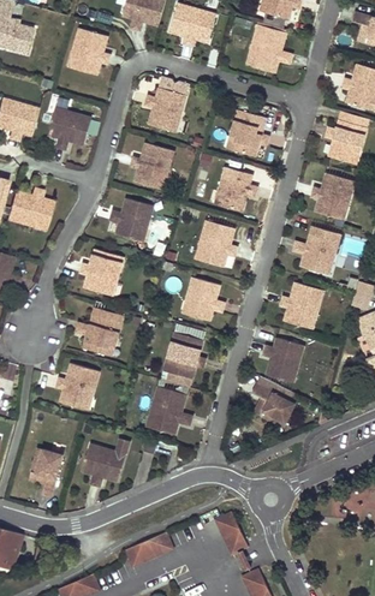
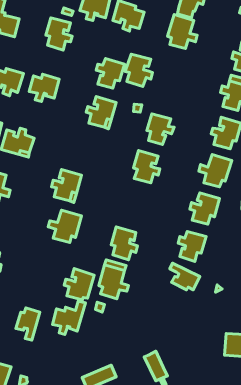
building: [230,109,269,156] -> [125,54,153,86]
building: [111,197,154,239] -> none
building: [186,276,226,321] -> none
building: [56,362,100,407] -> [64,268,94,300]

